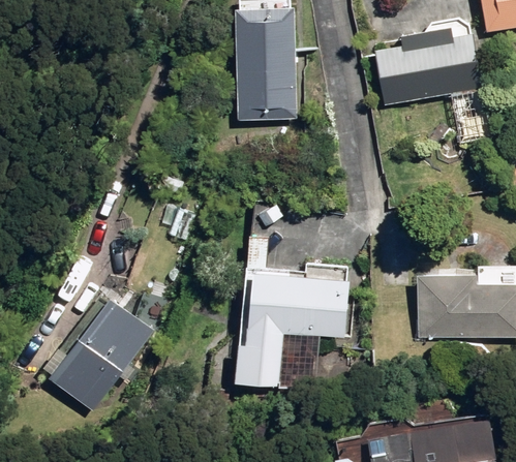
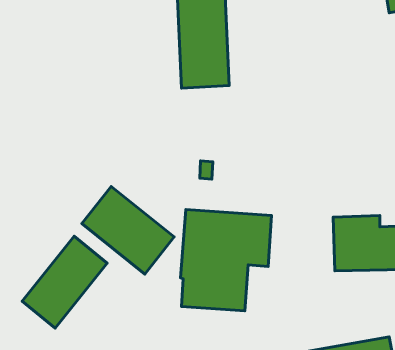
building: [378,33,483,102] -> none
building: none -> [82,186,174,274]

